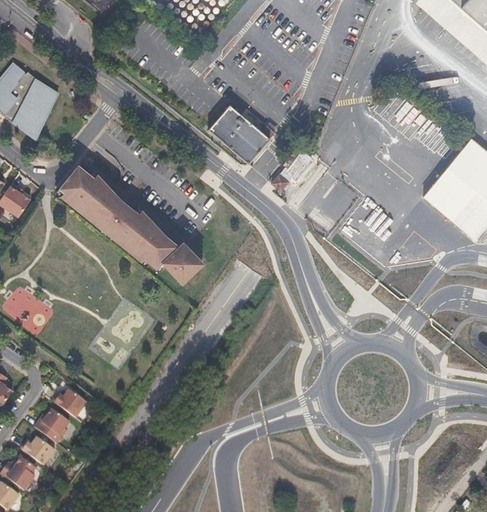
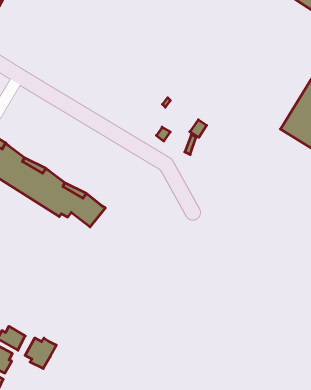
building: [207,102,271,159] -> none
building: none -> [25,338,56,369]

